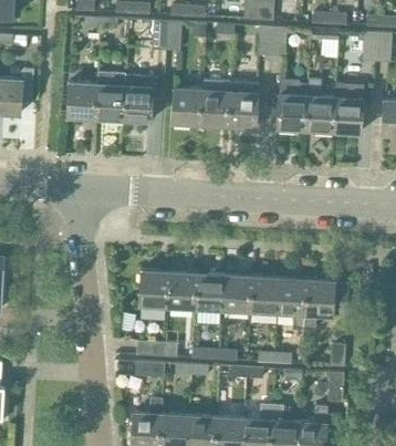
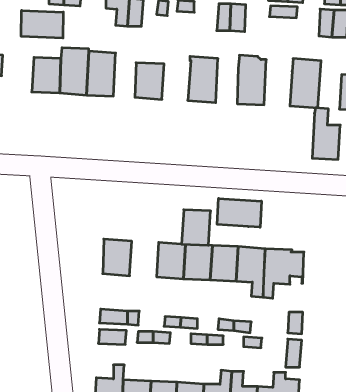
building: none -> [21,10,63,38]
building: [305,80,334,133] -> [312,108,340,159]
building: [200,81,230,127] -> none
building: none -> [217,198,261,227]
building: [167,272,197,309] -> [182,210,211,245]

